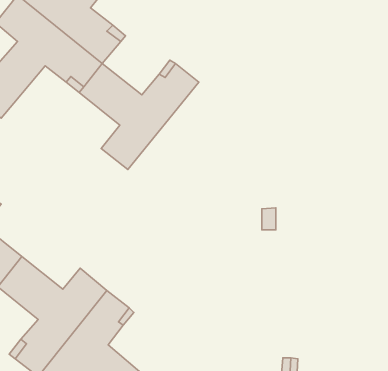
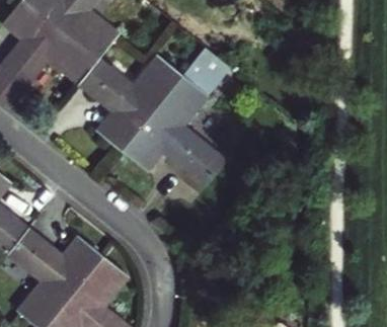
building: none -> [121,47,232,187]

